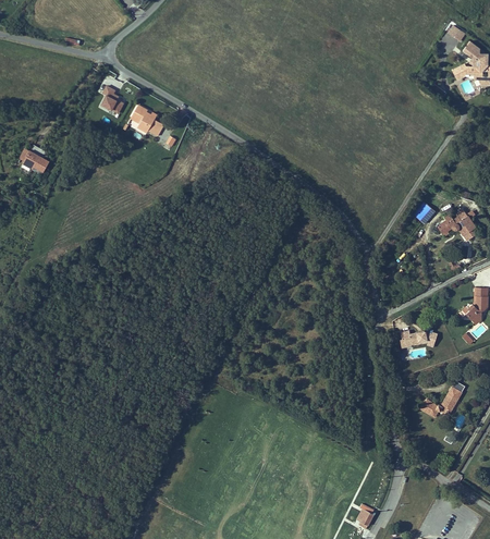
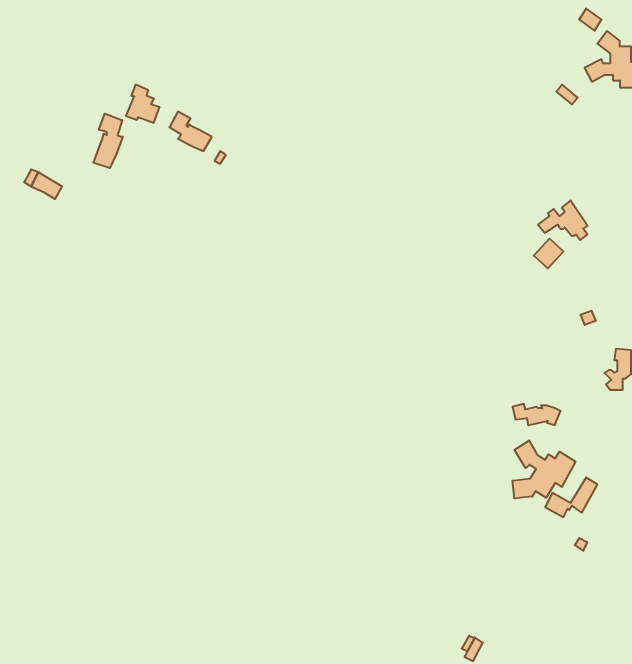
building: none -> [93,114,123,168]
building: [438,207,476,237] -> [538,200,587,240]
building: none -> [512,440,575,499]

